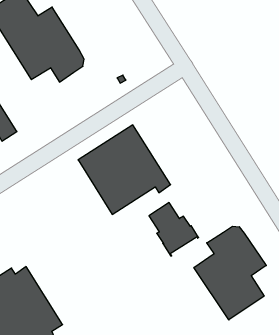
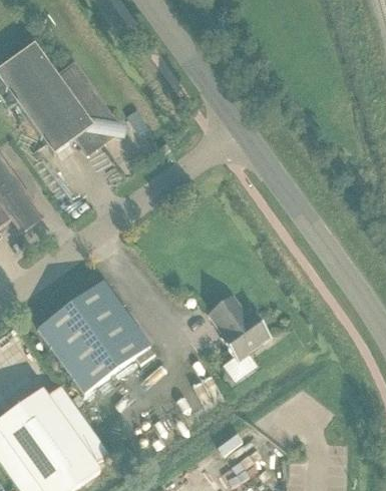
building: [78,125,171,214] -> [37,280,153,392]
building: [194,226,266,320] -> none

